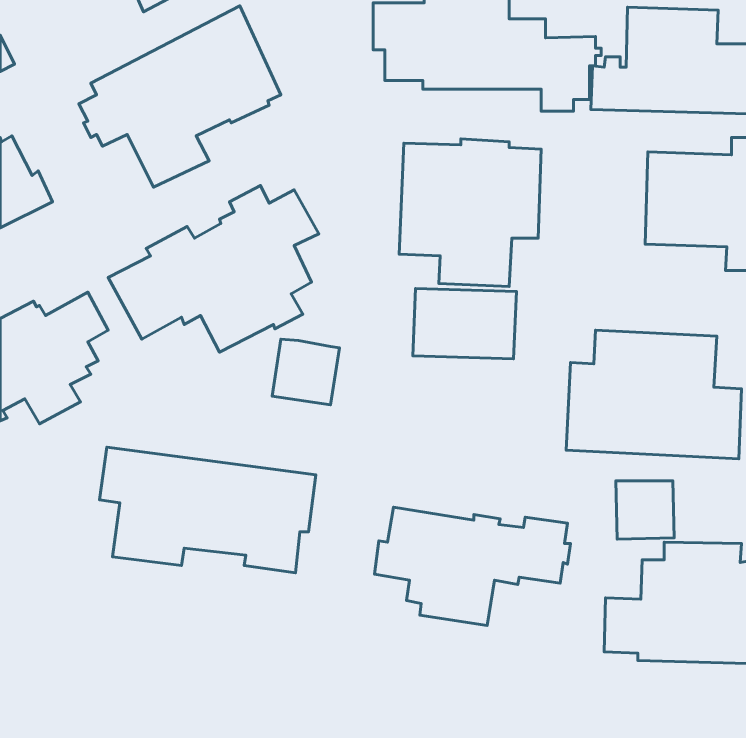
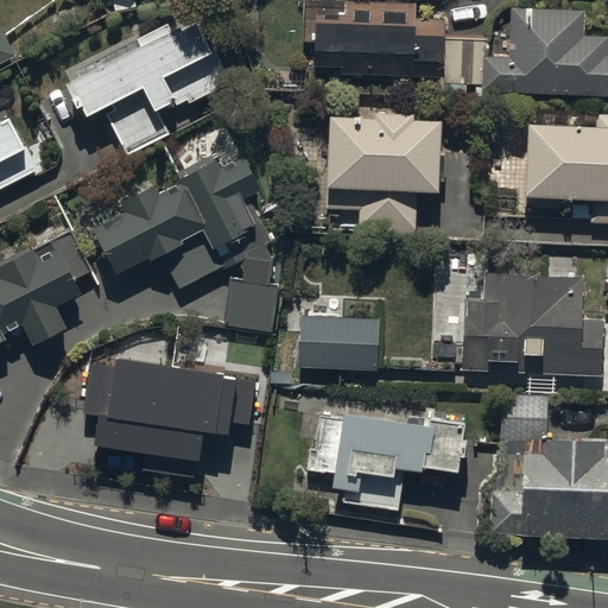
building: [413,289,517,359] -> [297,310,381,367]

